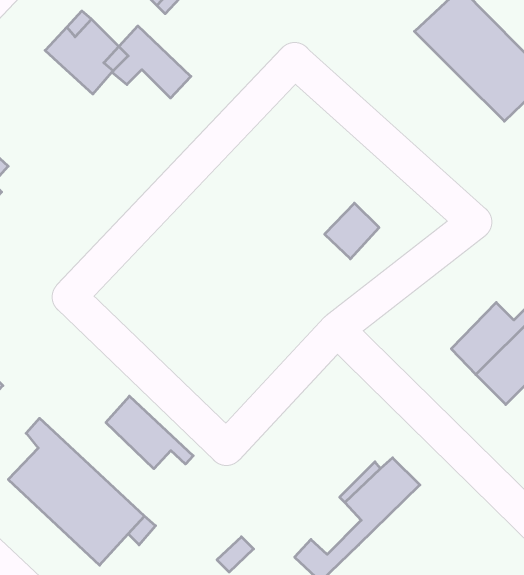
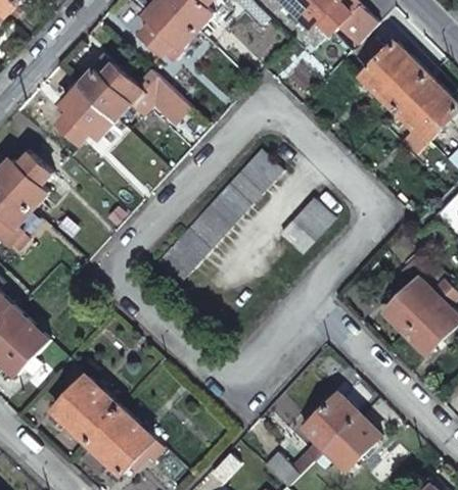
building: none -> [58,88,114,144]
building: none -> [152,152,281,287]
building: [106,396,193,469] -> none
building: none -> [314,413,380,470]

